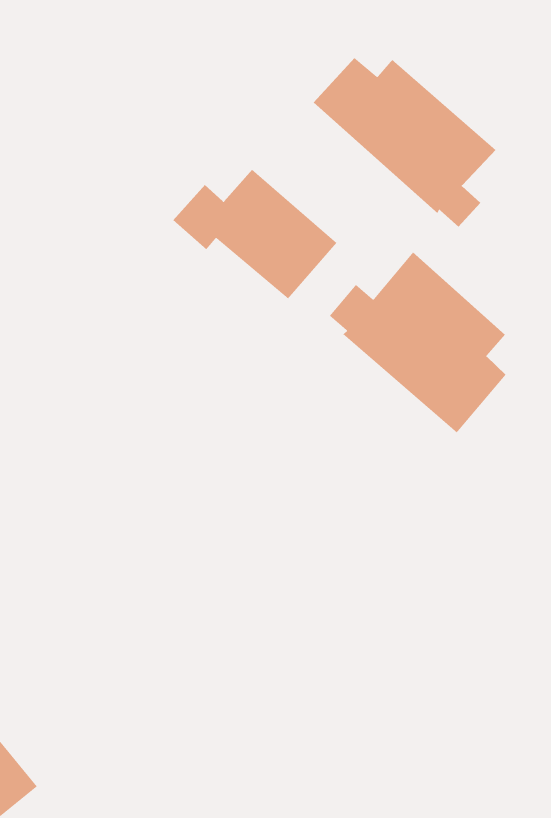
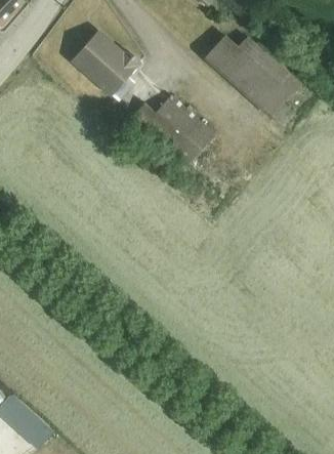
building: none -> [71,34,139,102]
building: [329,251,507,433] -> none

